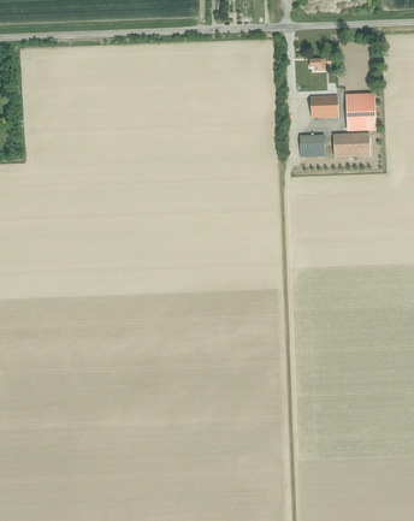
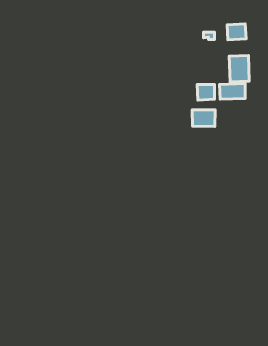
building: [310,94,338,117] -> [227,24,246,40]
building: none -> [192,110,215,126]

